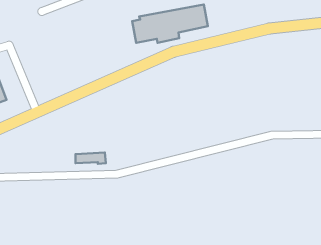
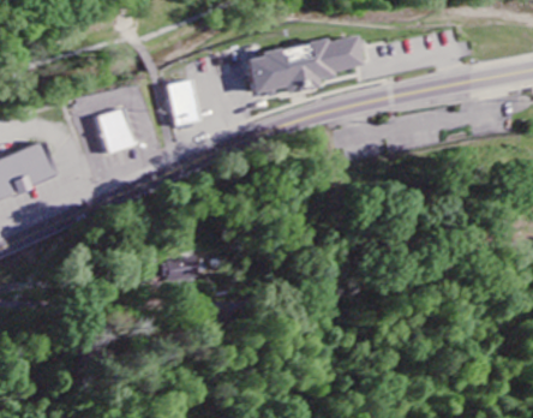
building: none -> [163,78,198,126]
building: none -> [94,108,132,154]

